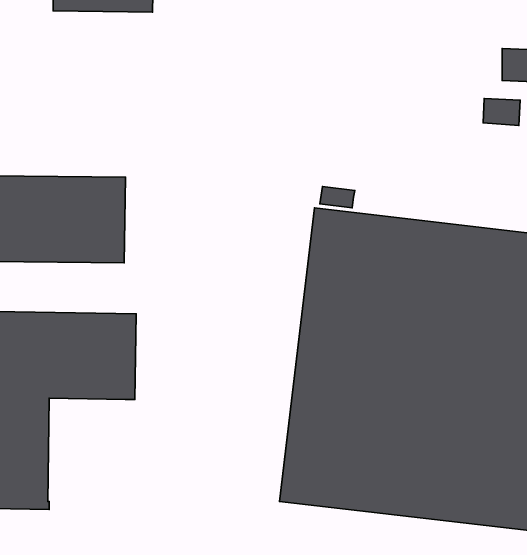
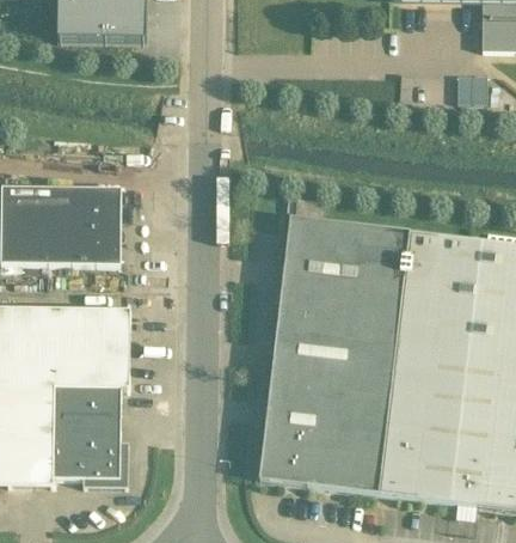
building: [483,99,520,125] -> none
building: none -> [53,385,129,486]

